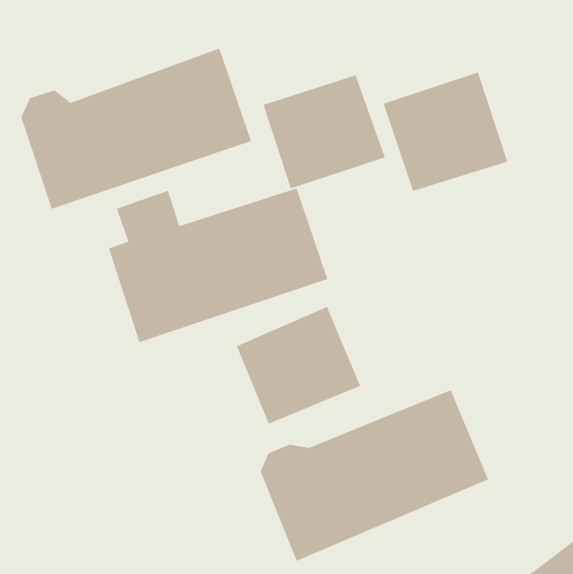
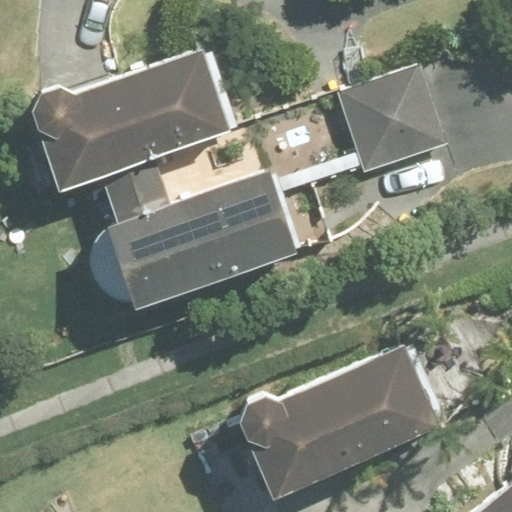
building: [263,74,385,189] -> none
building: [236,306,361,424] -> none

